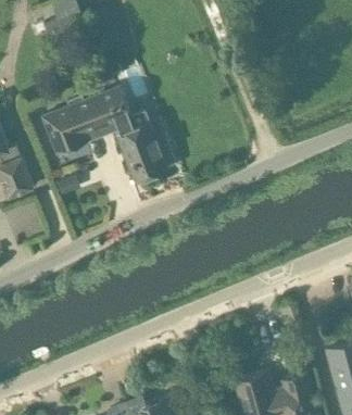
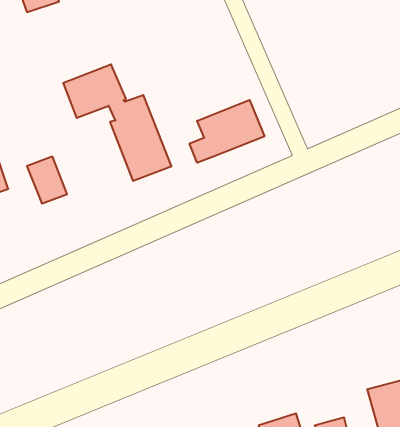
building: [39,104,87,155] -> none
building: none -> [190,100,264,163]

